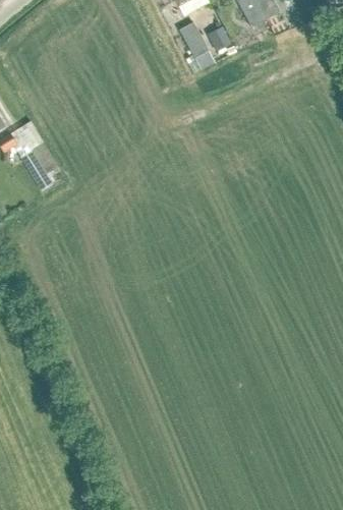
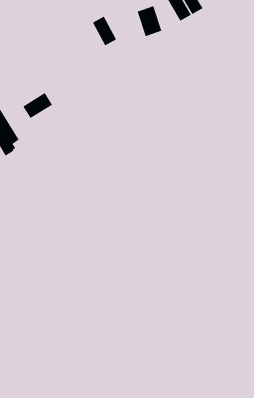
building: [178,21,208,58] -> [92,16,117,46]
building: none -> [22,92,53,119]

